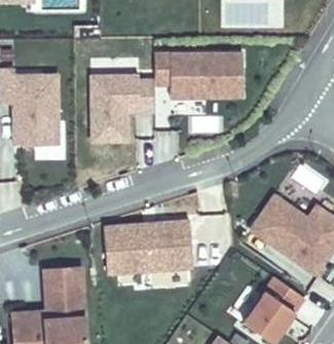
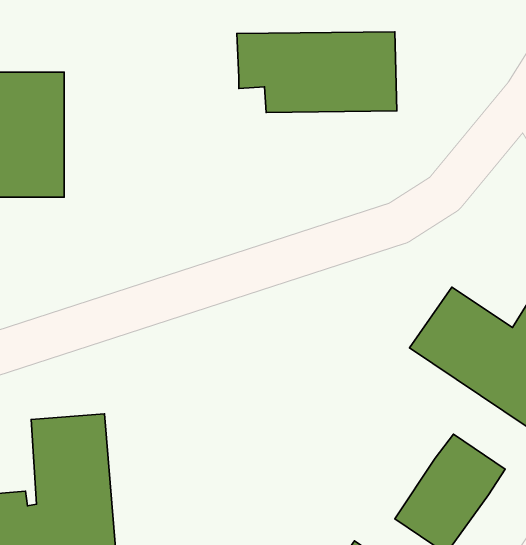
building: [90,74,154,141] -> none
building: [101,217,192,270] -> none

